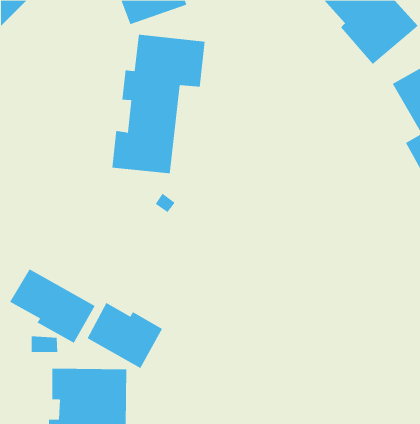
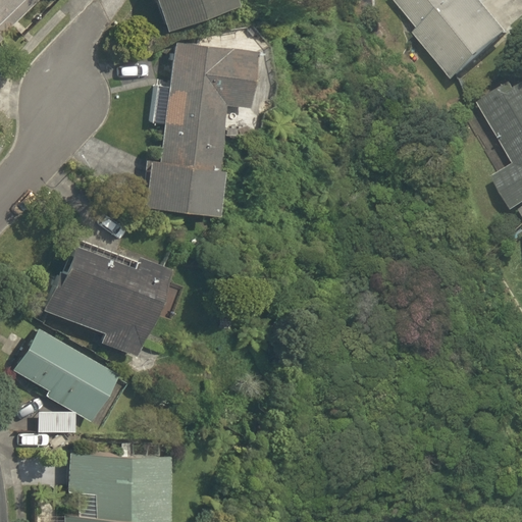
building: none -> [44,244,168,357]
building: [87,302,163,369] -> none

